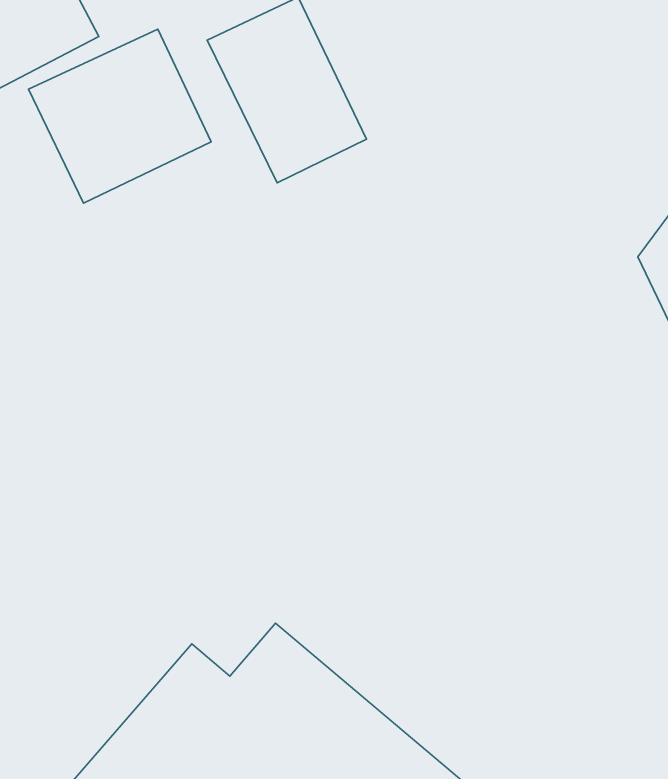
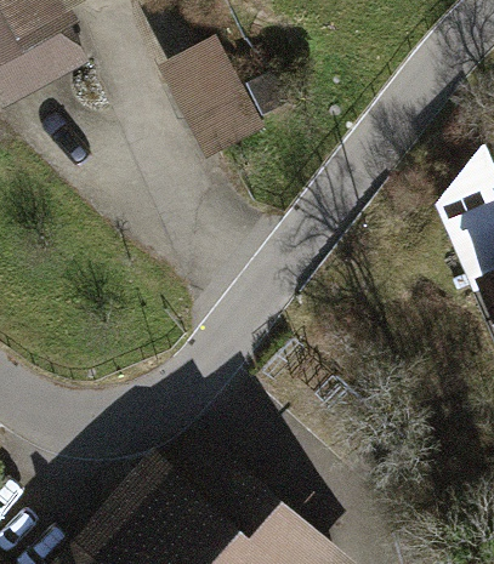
building: [29,29,211,203] -> none

